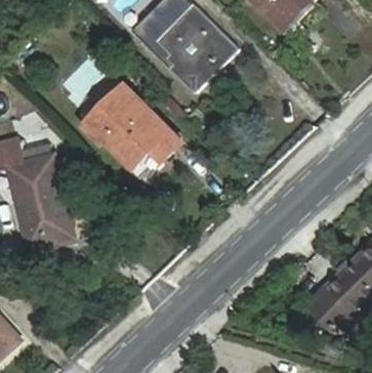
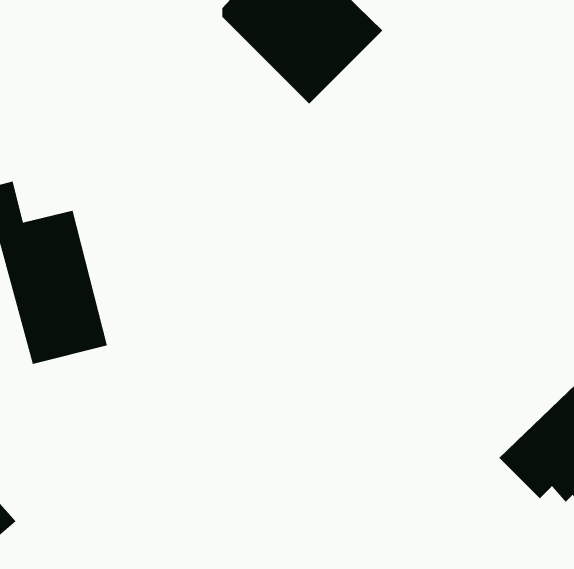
building: [84,86,181,179] -> none

